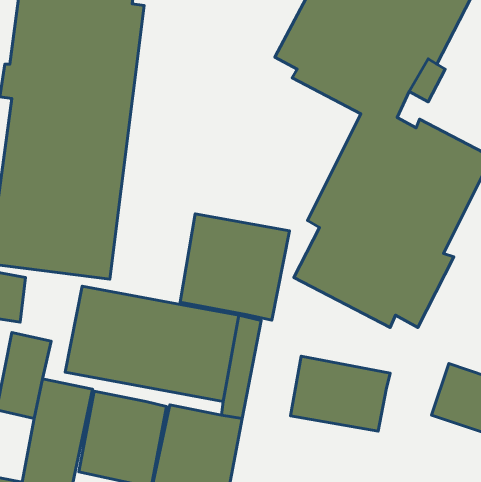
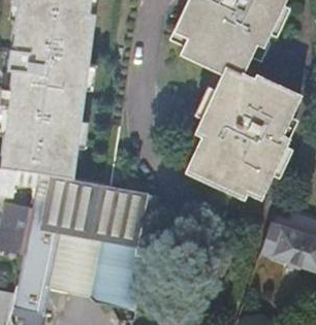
building: [180,214,290,320] -> none
building: [290,356,390,431] -> none

